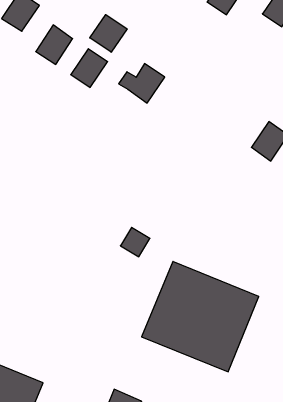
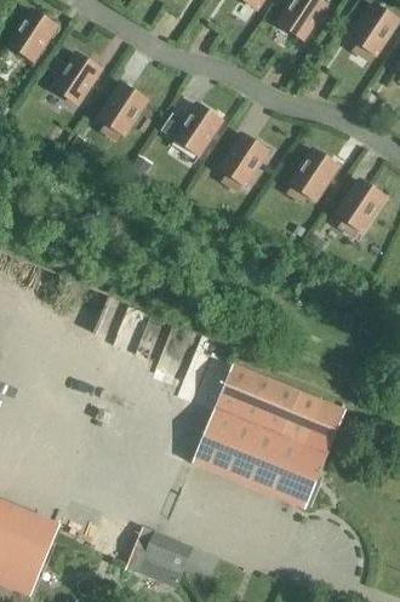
building: [90,15,127,52] -> none
building: none -> [218,133,267,185]
building: none -> [288,149,337,200]

